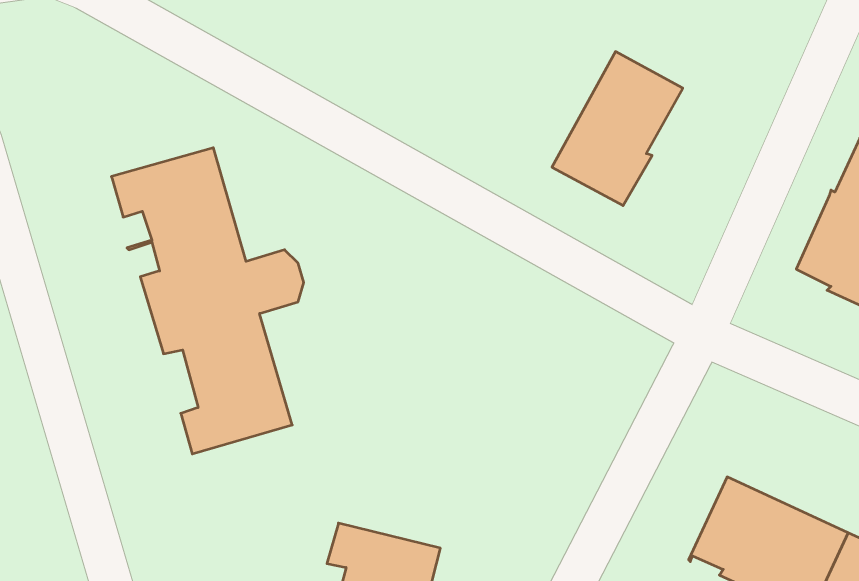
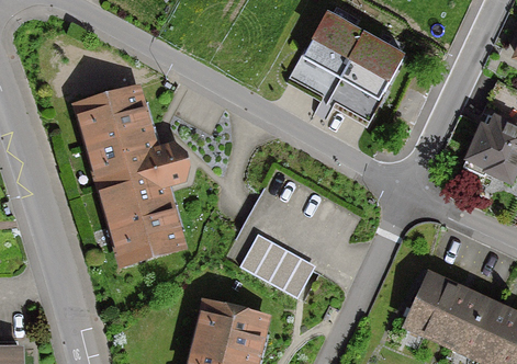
building: none -> [289,12,364,99]
building: none -> [239,236,313,297]

